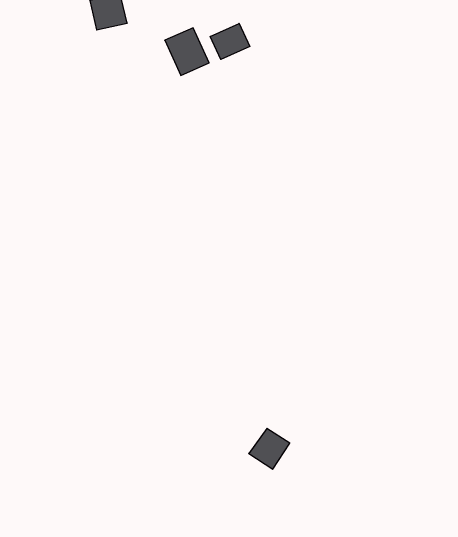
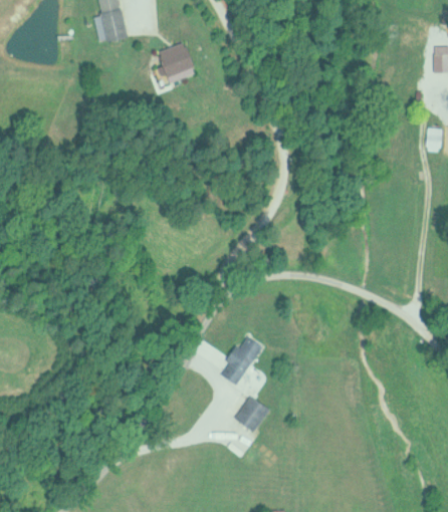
building: [210,23,250,59] -> none
building: none -> [219,334,262,385]

